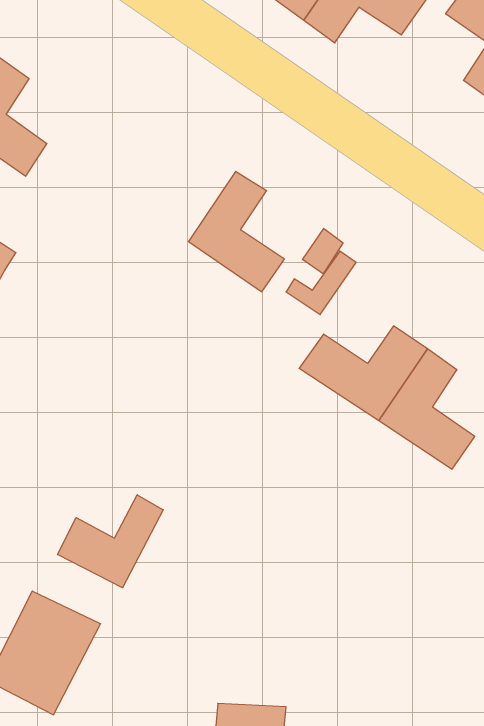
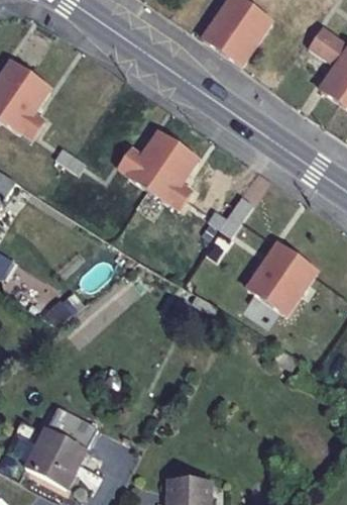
building: none -> [101,132,179,190]
building: [58,495,163,588] -> none

